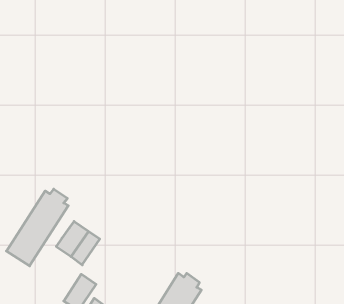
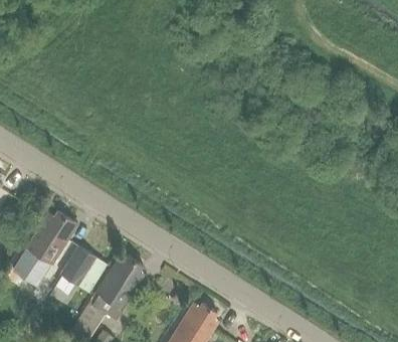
building: none -> [96,254,145,310]

